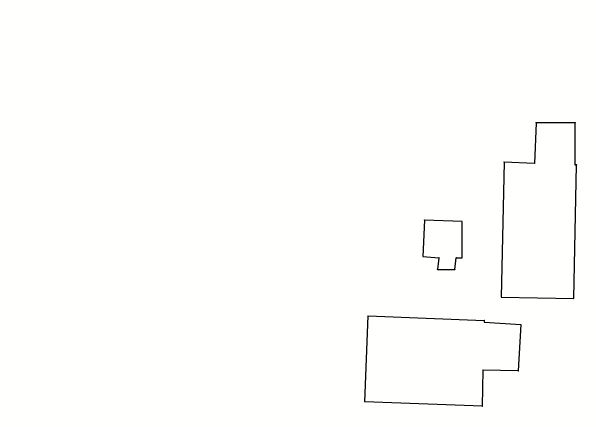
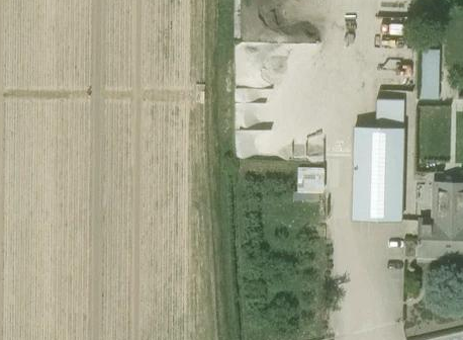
building: [365,316,521,406] -> none

